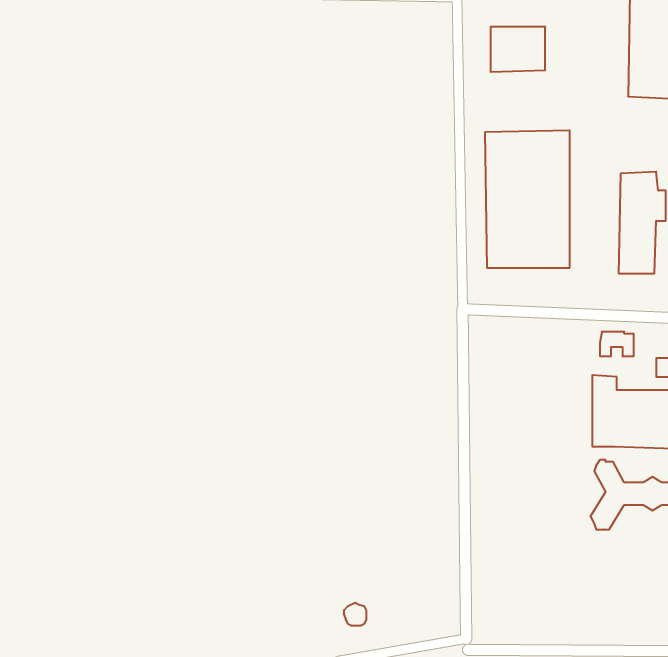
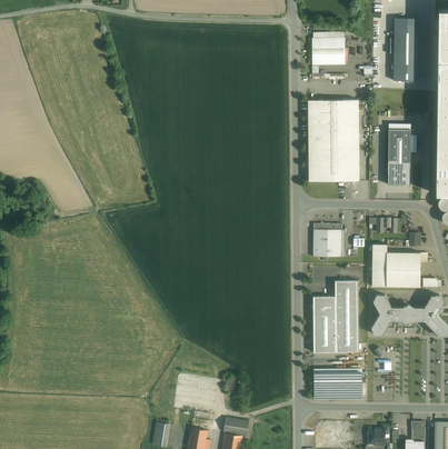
building: none -> [313,229,341,257]
building: none -> [313,280,359,351]
building: none -> [313,371,361,399]

